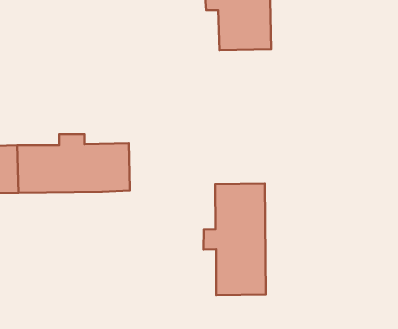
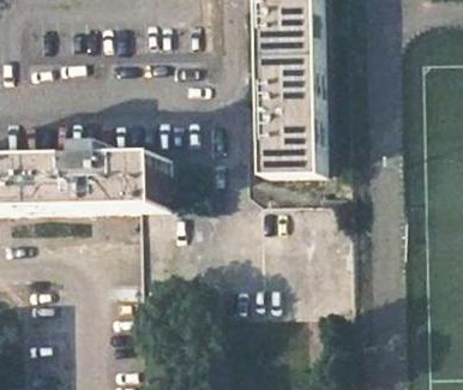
building: none -> [245,54,315,174]
building: [203,184,266,295] -> none

